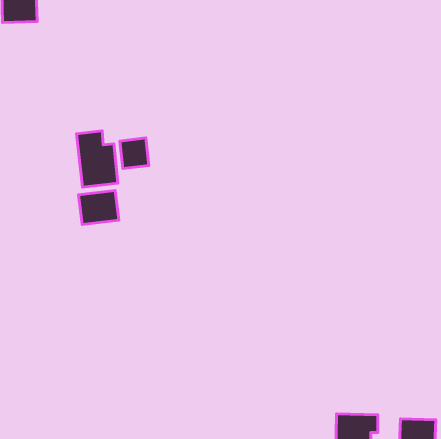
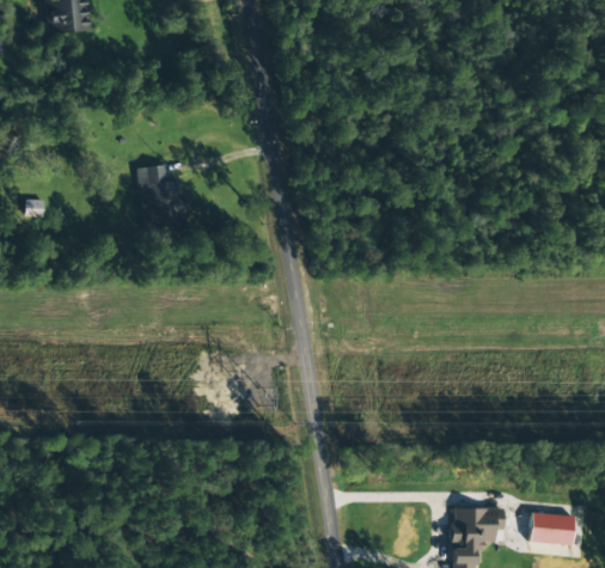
building: [120,138,149,169] -> none
building: [79,191,119,224] -> none

